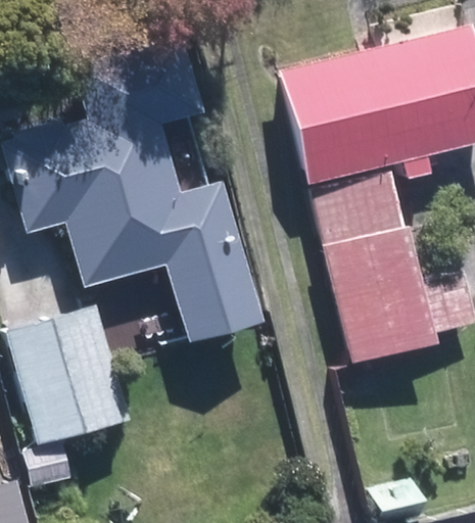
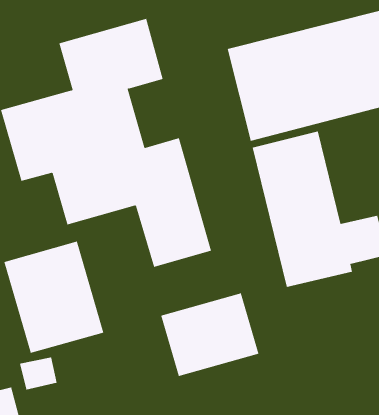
building: none -> [161,293,259,377]

